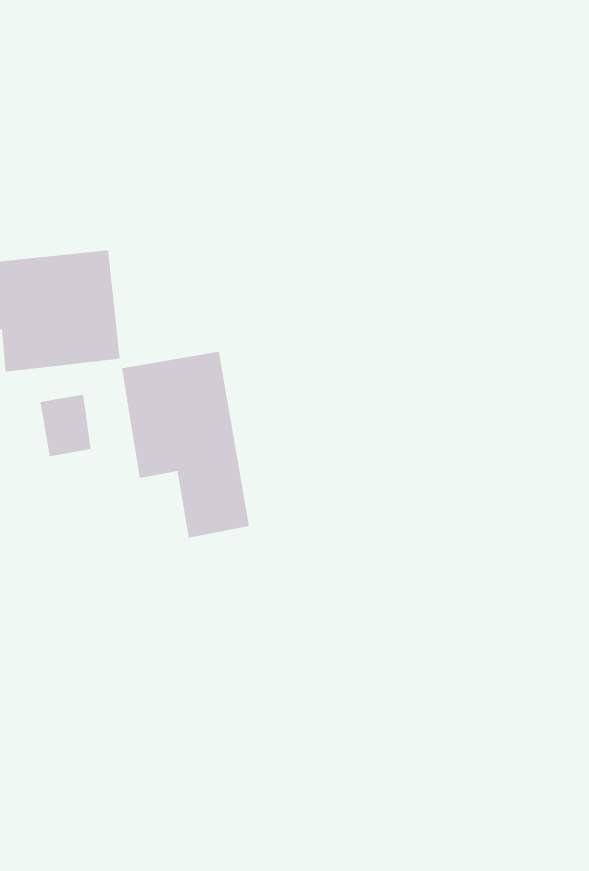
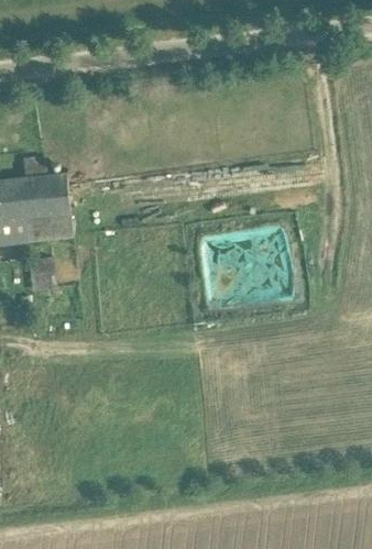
building: [121,351,250,539] -> none

